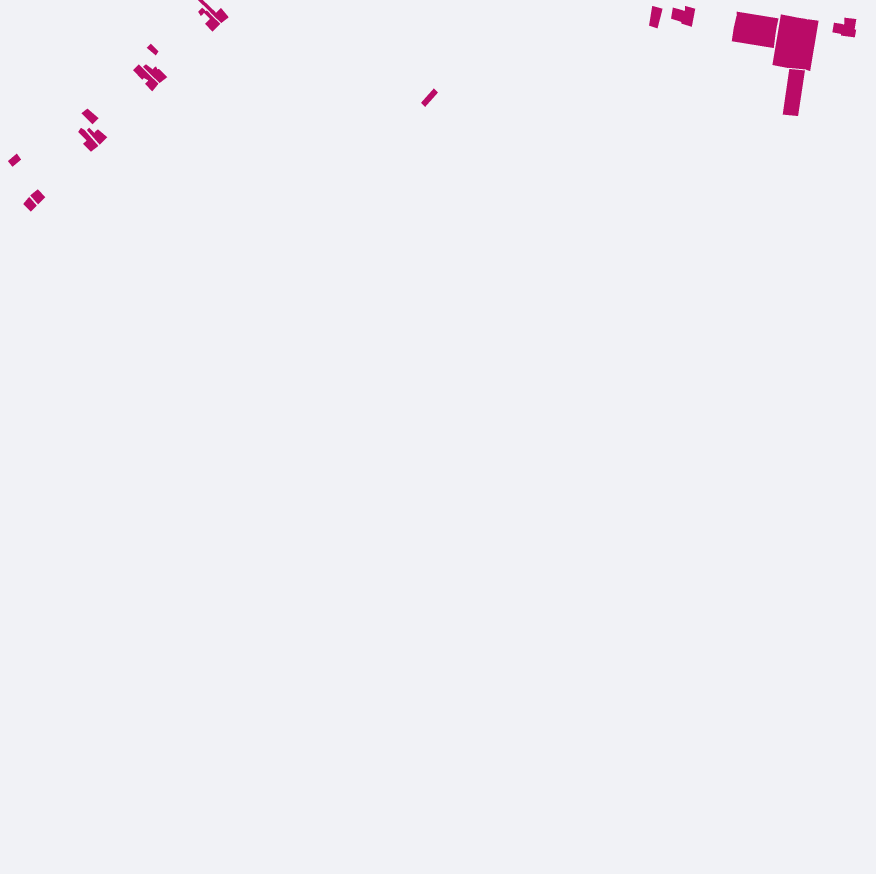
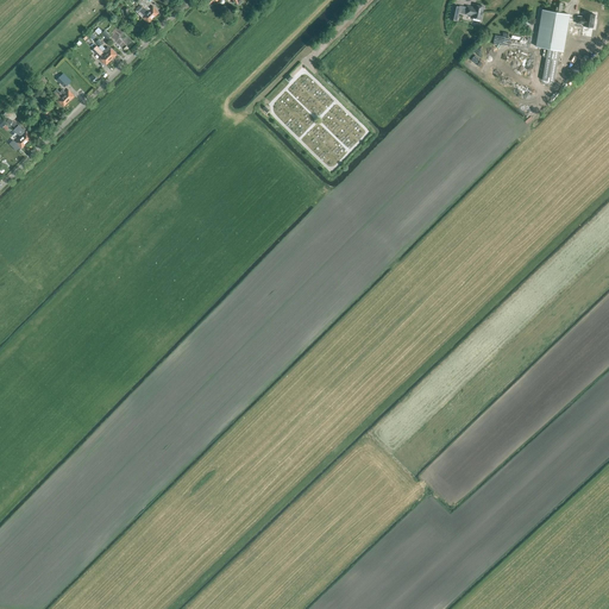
building: [731,11,779,49] -> none

